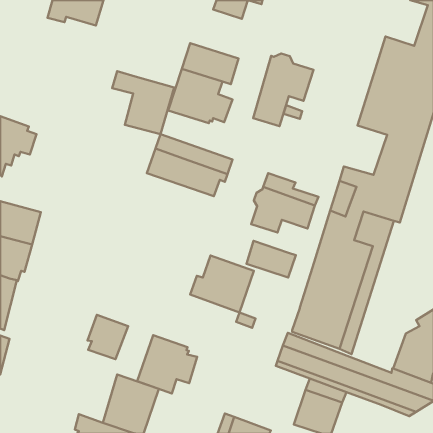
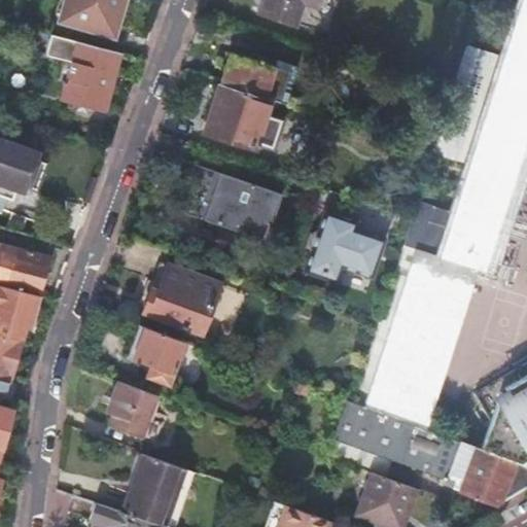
building: [253,53,314,126] -> none
building: [112,71,174,134] -> [47,35,122,111]
building: [246,241,296,278] -> none
building: [190,256,254,312] -> [143,266,220,335]
building: none -> [127,325,184,385]
building: [137,335,197,393] -> none

